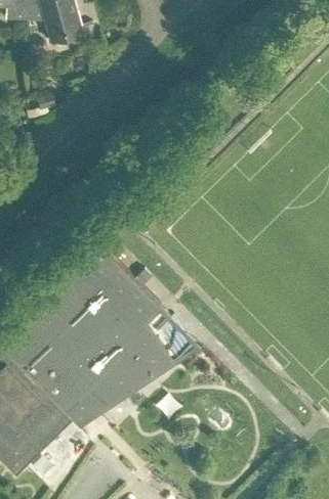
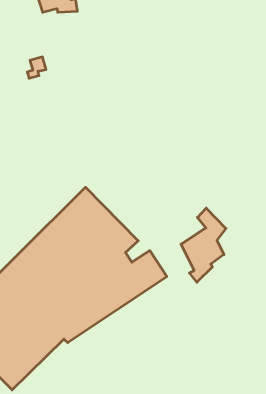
building: none -> [181,208,226,282]

